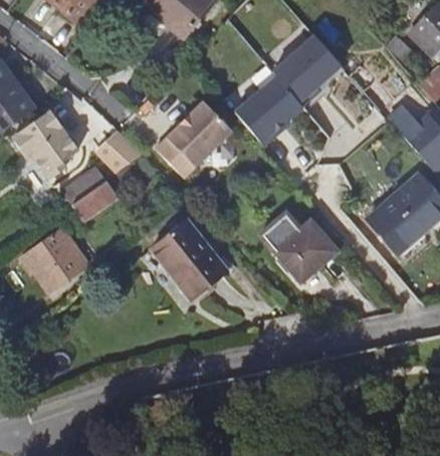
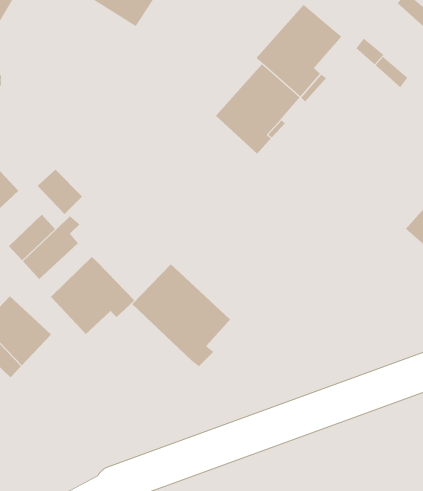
building: [157,99,232,175] -> none
building: none -> [50,256,135,335]
building: [261,212,337,280] -> none

